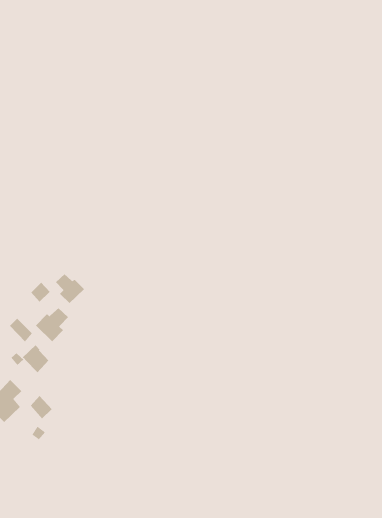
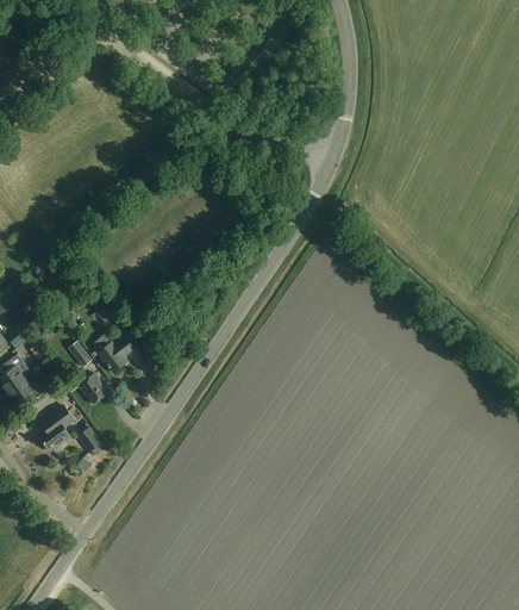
building: [55,273,85,304] -> none

